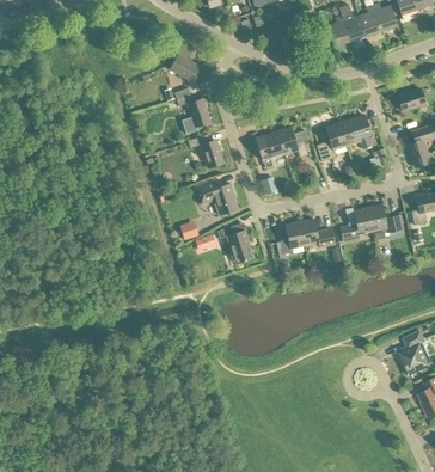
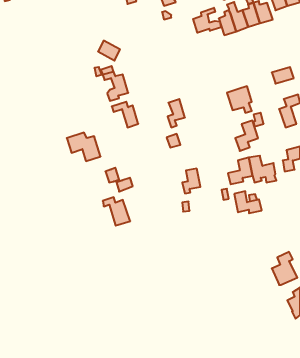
building: none -> [193,8,221,33]
building: [315,122,345,161] -> [235,121,258,151]
building: [276,125,307,157] -> none
building: [194,178,238,215] -> [67,133,101,161]
building: [299,217,335,246] -> [234,191,262,213]
building: [218,226,253,263] -> [103,197,130,226]

